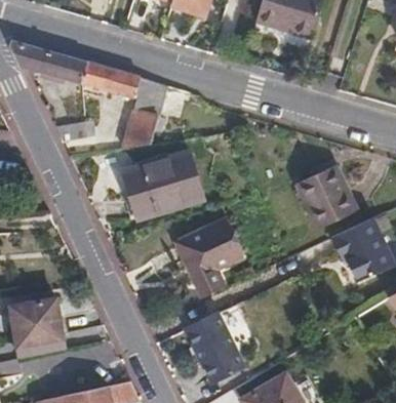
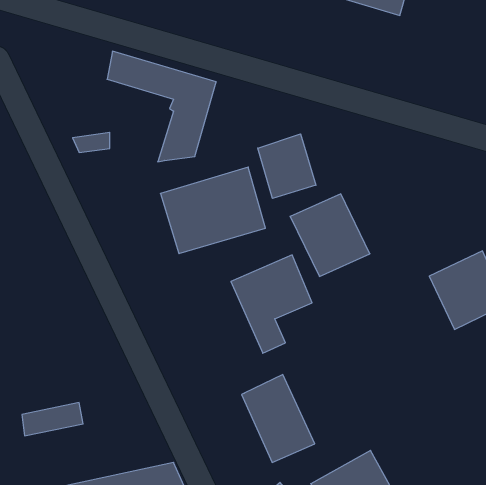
building: [11,41,88,85] -> none
building: none -> [258,134,316,198]
building: [296,164,358,228] -> [290,194,370,276]
building: [12,299,63,344] -> none

